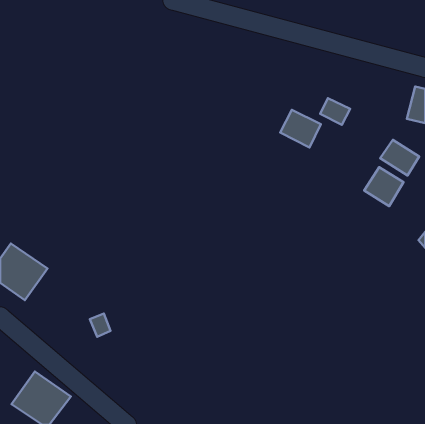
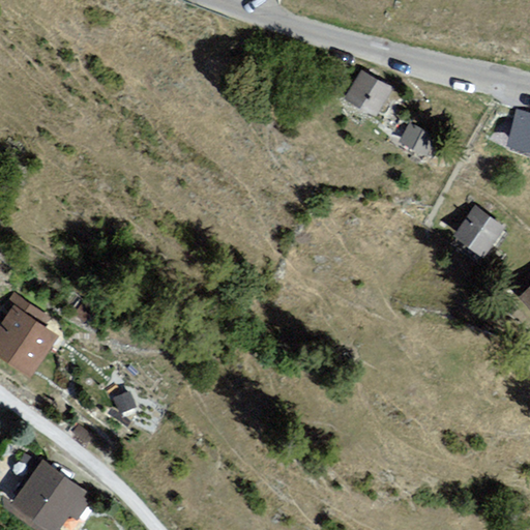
building: [280,110,321,147] -> [344,69,394,116]
building: [380,140,419,176] -> none

